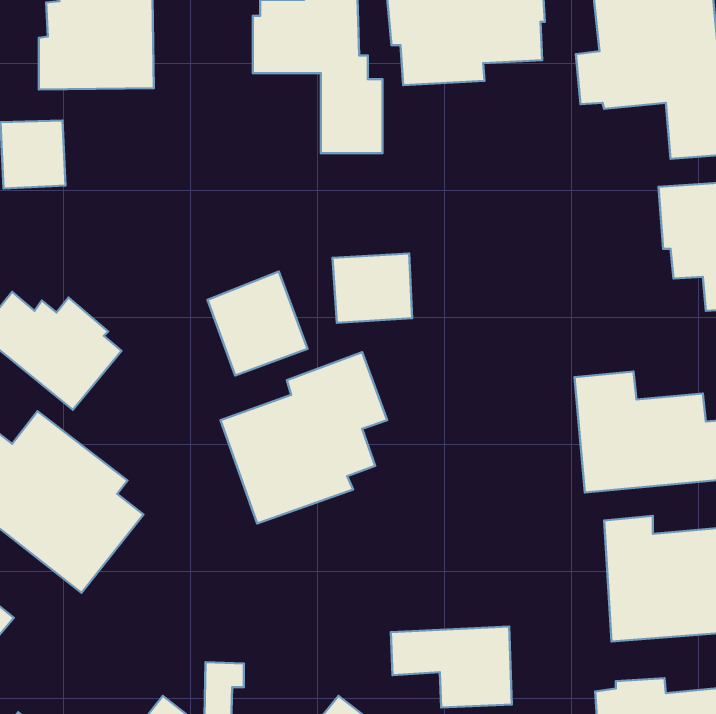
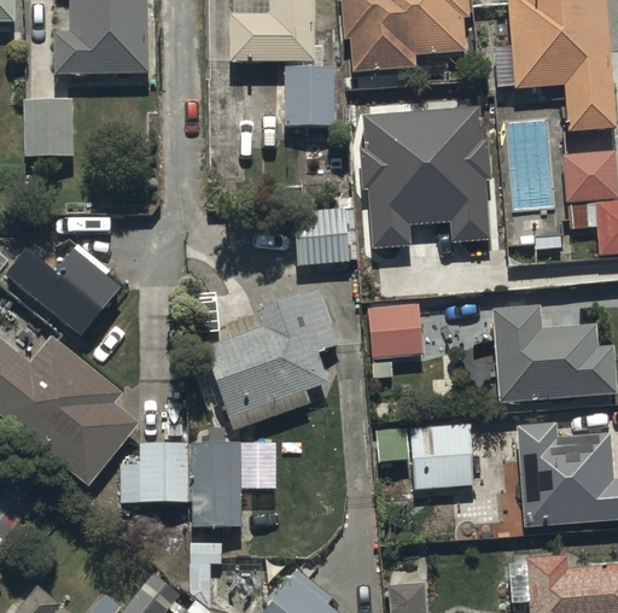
building: none -> [361,105,491,247]
building: [207,272,308,375] -> none
building: none -> [366,304,422,360]
building: none -> [118,442,274,527]
building: [391,626,512,708] -> [373,424,472,490]

